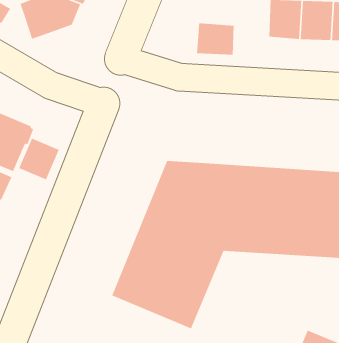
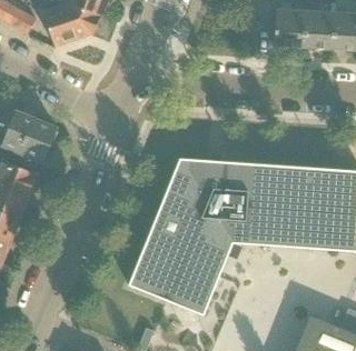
building: [196,23,234,56] -> none
building: [18,138,60,180] -> none

